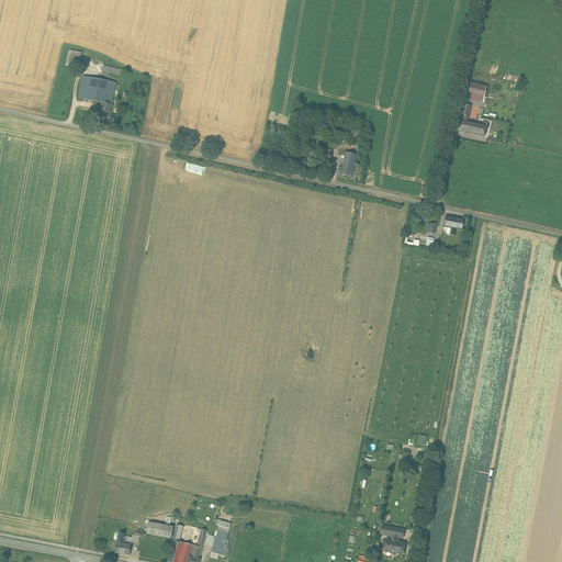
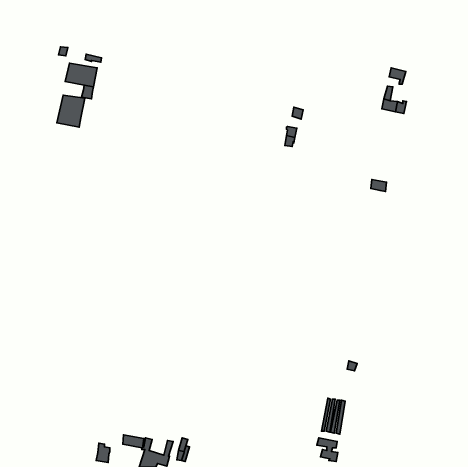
building: none -> [57,95,85,127]

